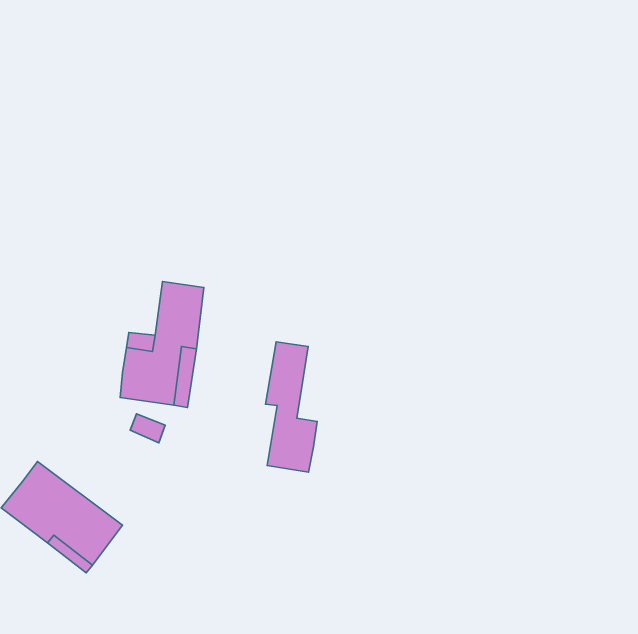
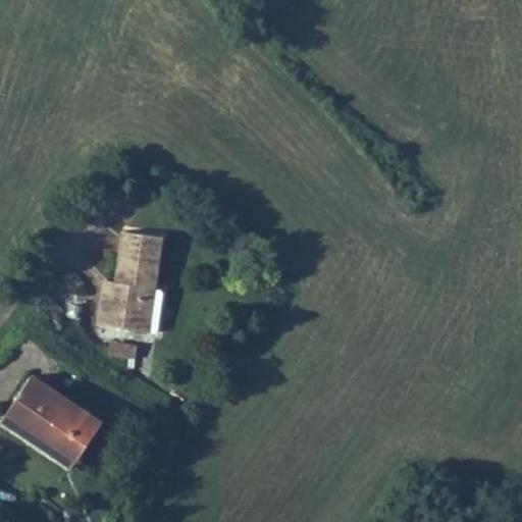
building: [265,342,317,472] -> none

